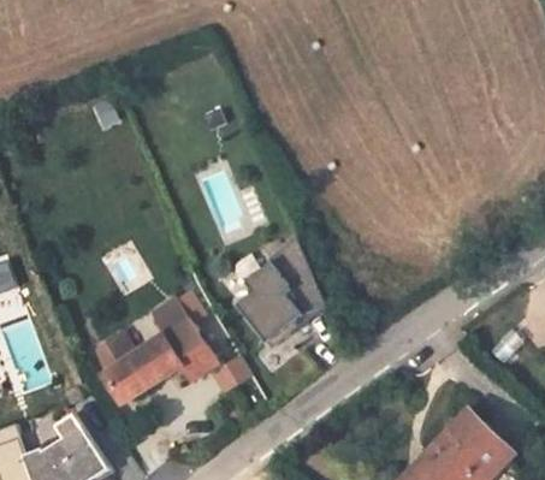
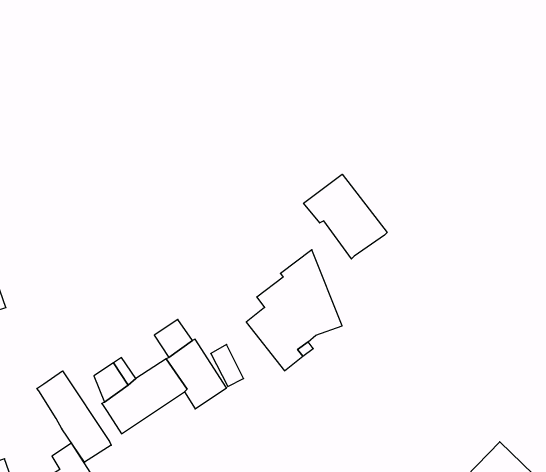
building: none -> [304,174,387,259]
building: none -> [37,371,111,462]

